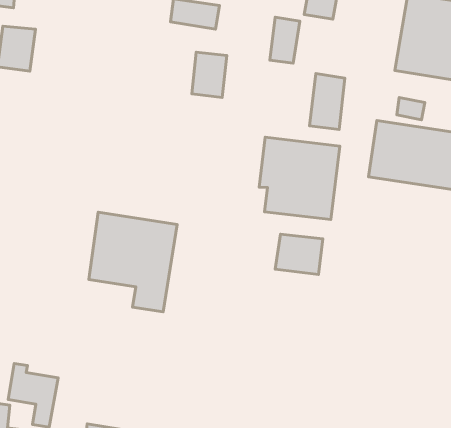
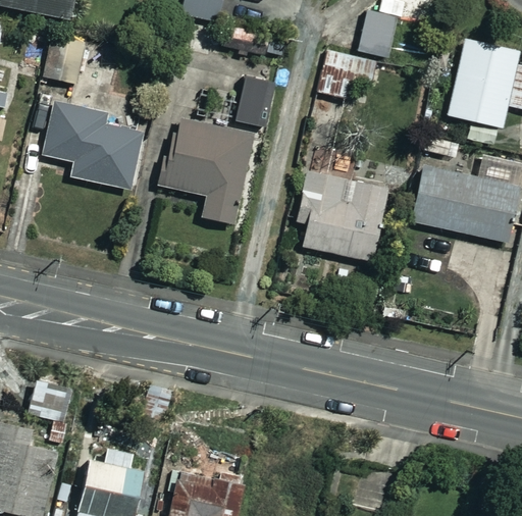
building: [310,73,345,129] -> none
building: none -> [46,101,141,190]
building: [89,212,177,312] -> [160,117,254,223]
building: [275,234,323,274] -> none

